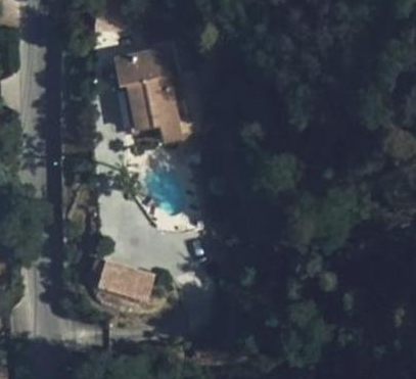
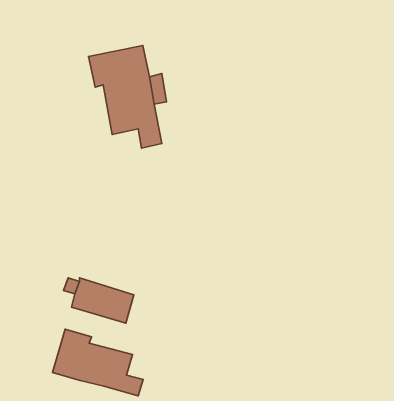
building: none -> [53,329,143,396]

